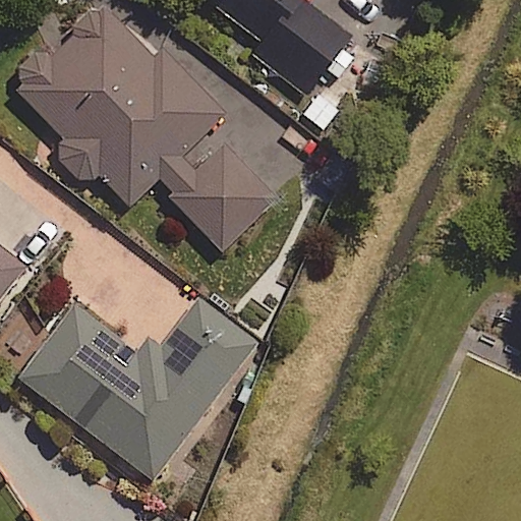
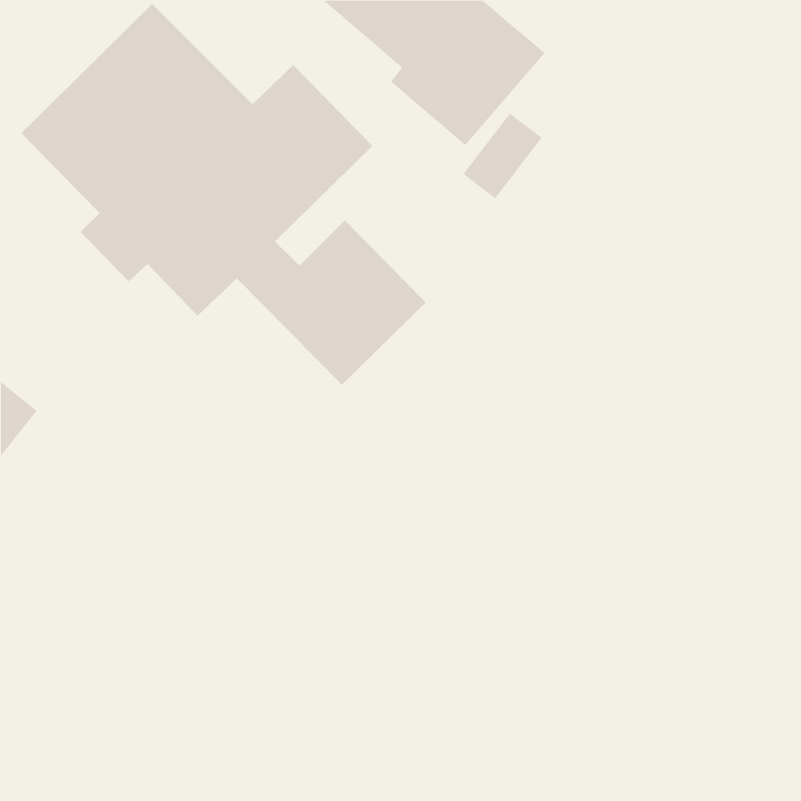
building: [17,299,255,479] -> none

